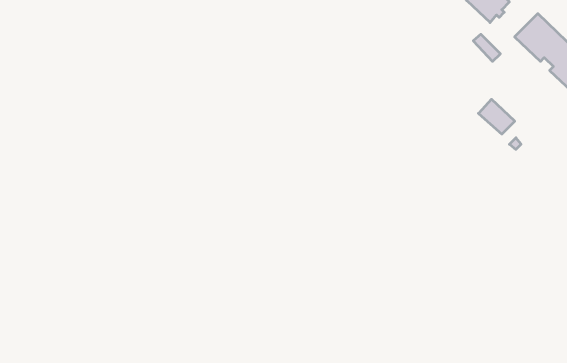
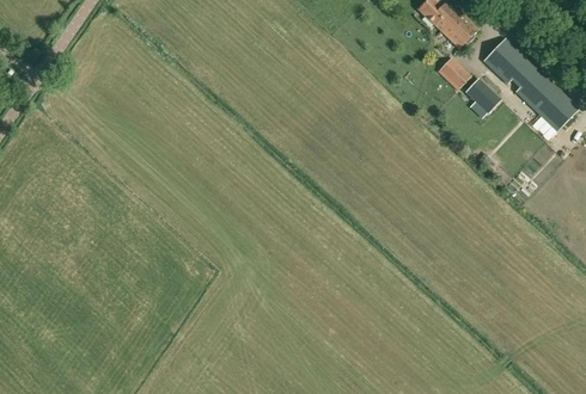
building: [478,99,515,134] -> [466,79,500,111]

